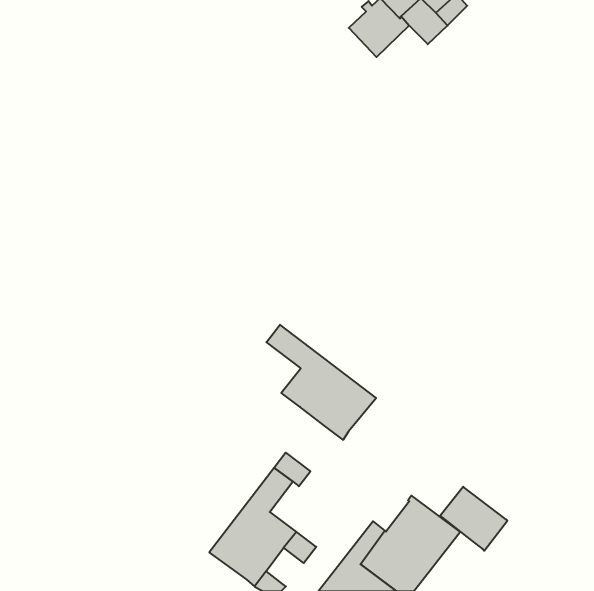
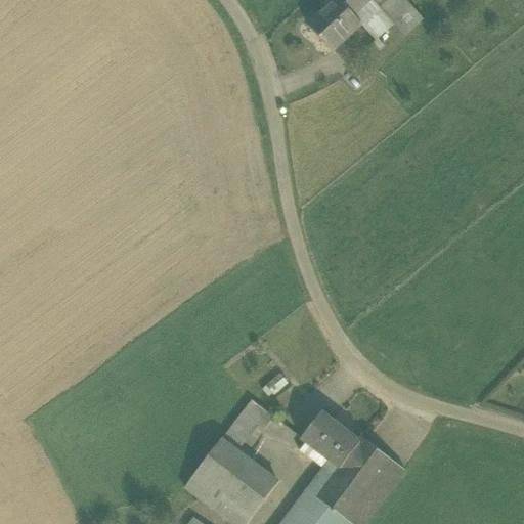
building: [266,325,376,440] -> none
building: [440,487,507,551] -> [301,411,360,468]
building: none -> [234,482,267,516]

